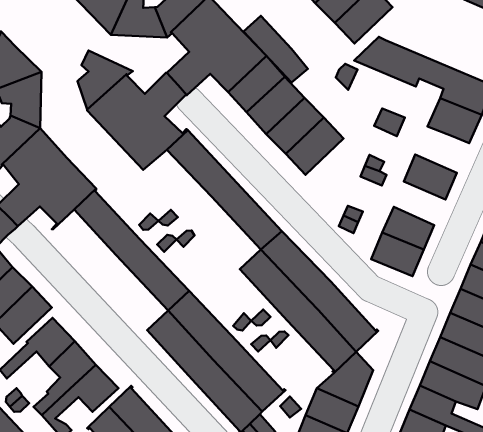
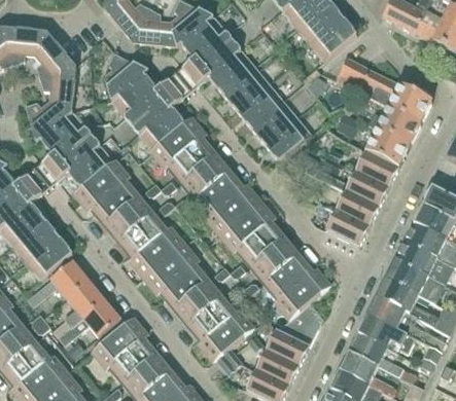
building: [244,16,308,83] -> none
building: none -> [367,129,411,167]
building: none -> [152,134,241,231]
building: none -> [288,151,389,207]
building: none -> [78,176,165,275]

